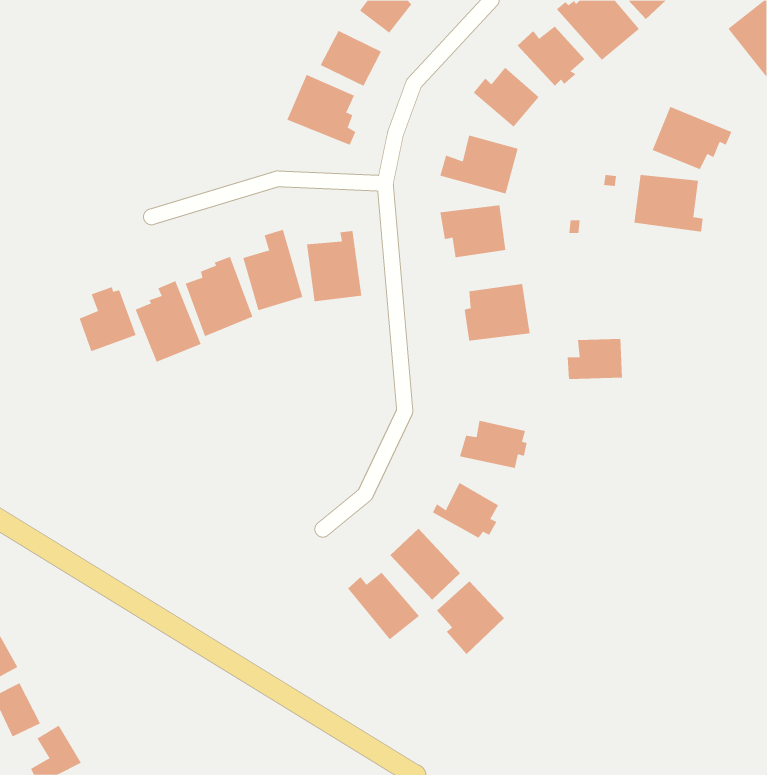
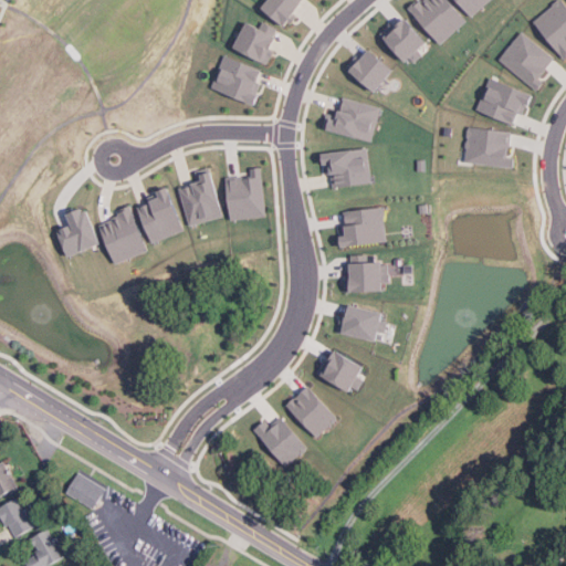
building: none -> [497,31,554,91]
building: [567,338,623,379] -> [342,263,382,293]
building: [436,580,505,655] -> none
building: none -> [63,472,103,509]

